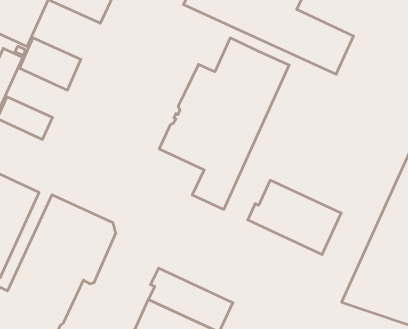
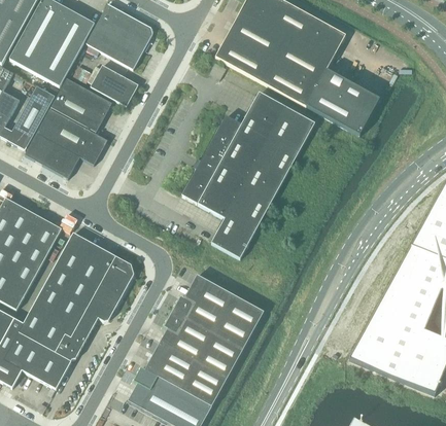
building: none -> [90,64,138,105]
building: none -> [36,108,107,164]
building: [248,180,341,255] -> [172,274,264,350]

